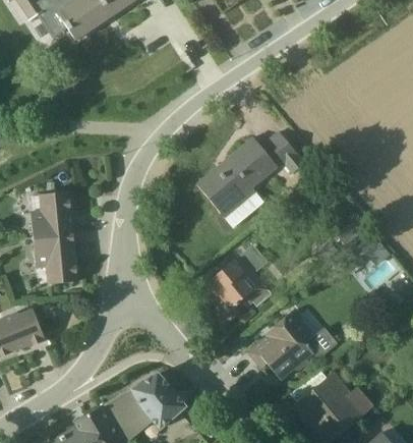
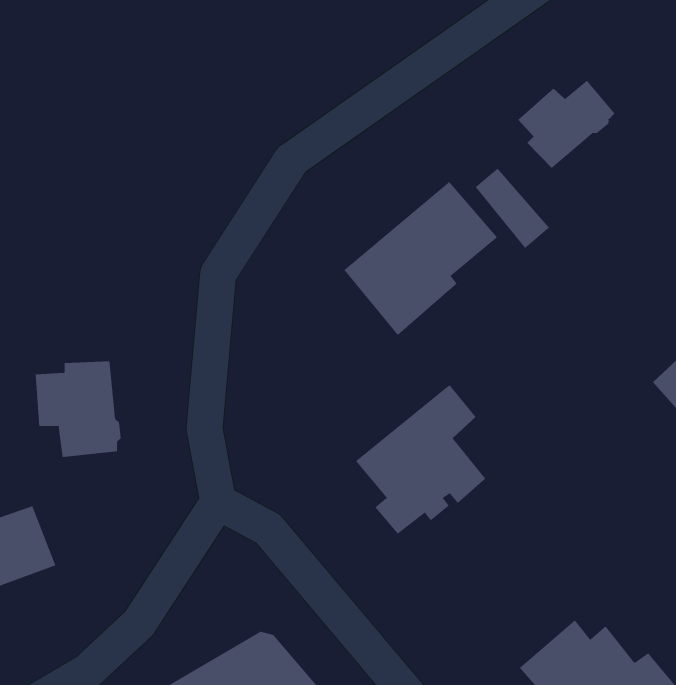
building: none -> [518,80,615,169]
building: [31,191,73,239] -> none
building: [246,310,336,380] -> none

